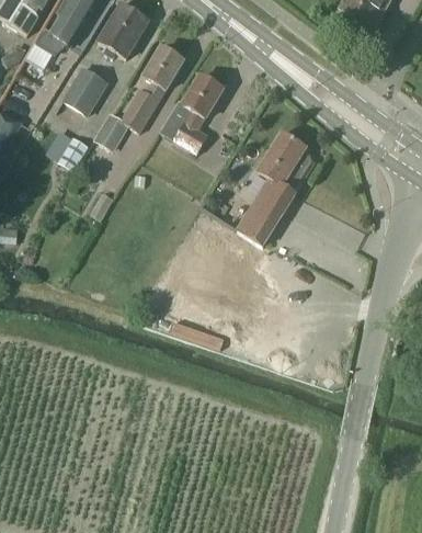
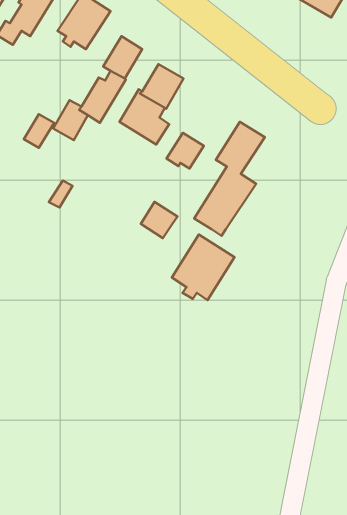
building: [60,64,107,115] -> none
building: none -> [167,133,204,168]
building: none -> [141,202,177,238]
building: none -> [172,234,235,300]

